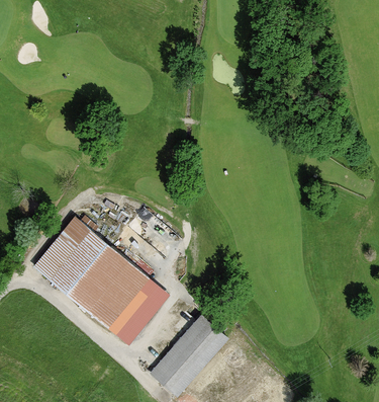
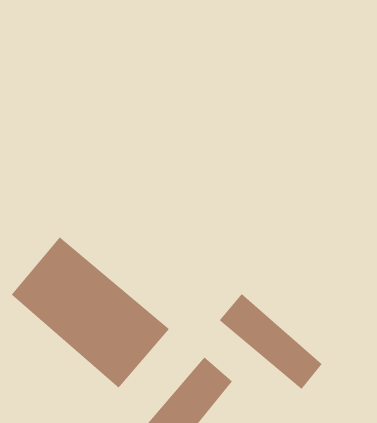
building: none -> [219,293,322,390]

